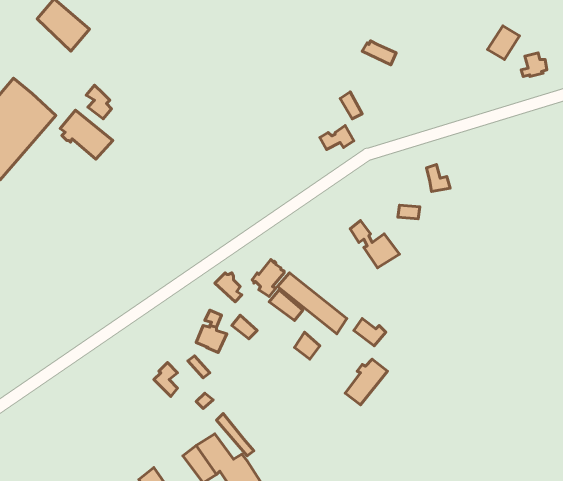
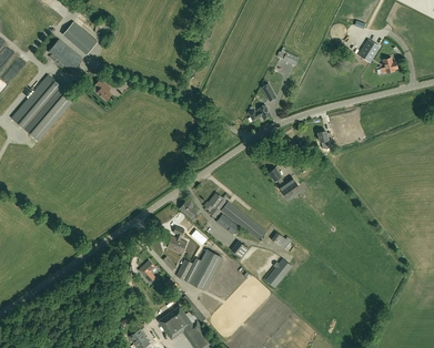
building: [60,110,113,159] -> [49,40,83,72]
building: none -> [176,249,222,290]

